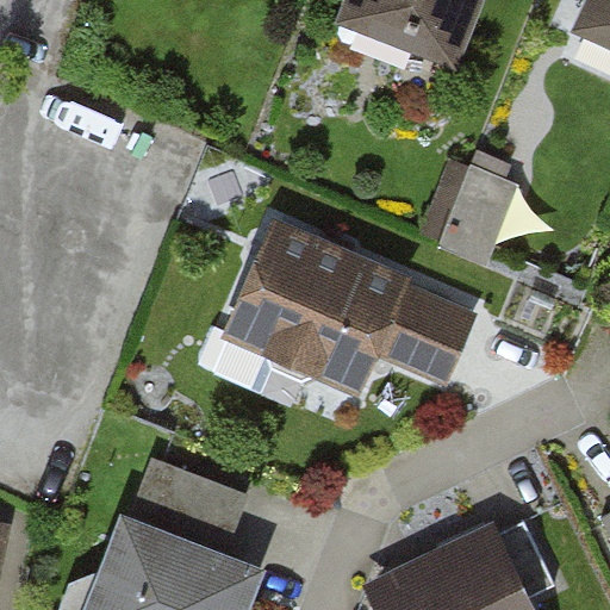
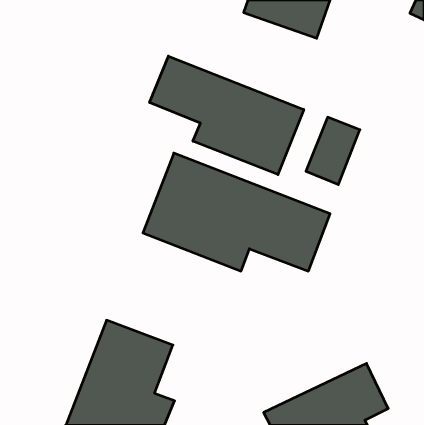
building: none -> [150,56,304,175]

